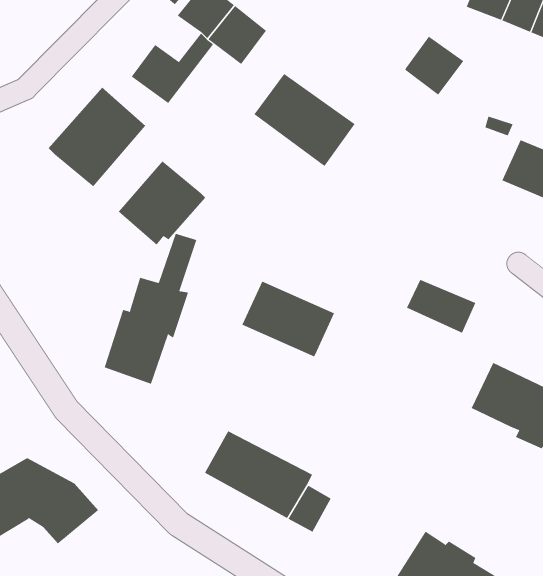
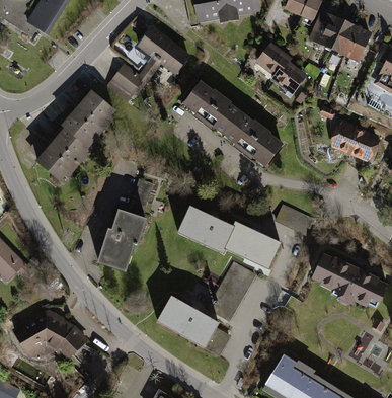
building: none -> [255,42,290,77]
building: none -> [225,111,286,168]
building: [118,160,206,245] -> [37,130,90,180]
building: none -> [221,220,280,267]
building: none -> [205,260,255,320]

